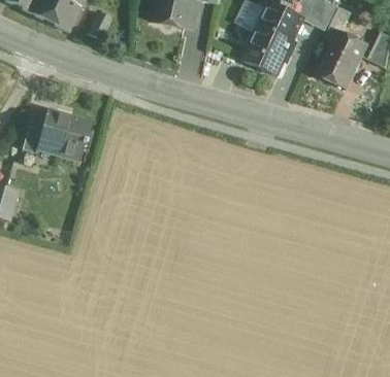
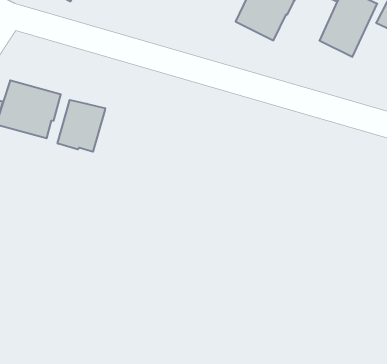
building: none -> [58,100,105,152]

